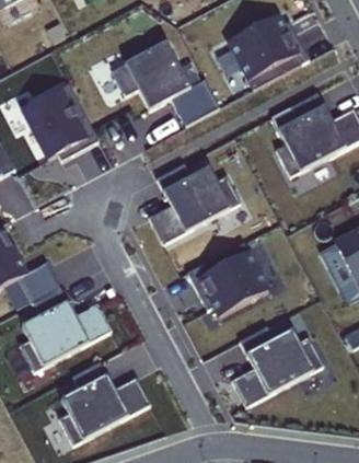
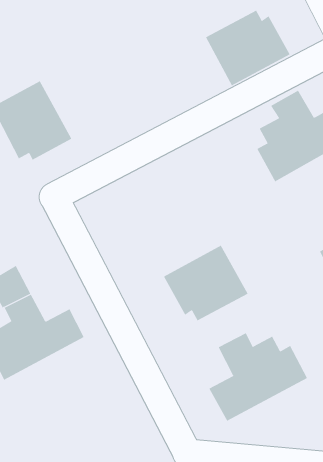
building: [112,42,219,125] -> none
building: [149,162,244,247] -> none
building: [58,361,150,444] -> none

